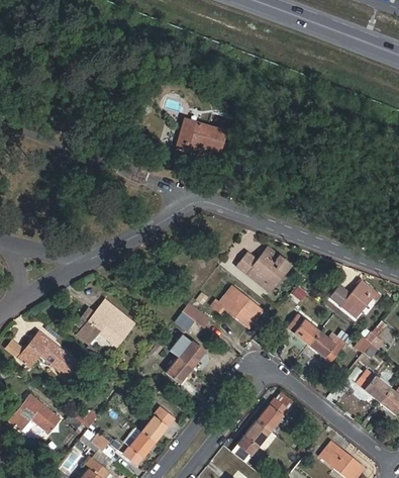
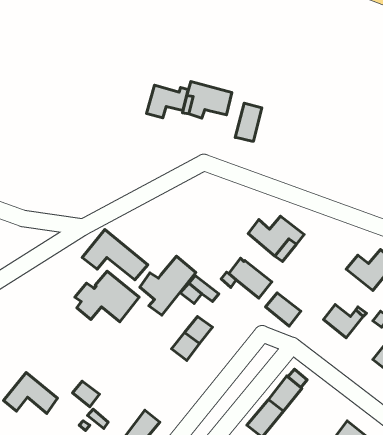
building: none -> [146,85,188,118]
building: none -> [235,103,262,141]
building: none -> [140,256,196,315]
building: [286,314,319,346] -> [265,293,301,326]
building: [16,330,78,378] -> [82,229,148,280]
building: [140,407,174,442] -> none

